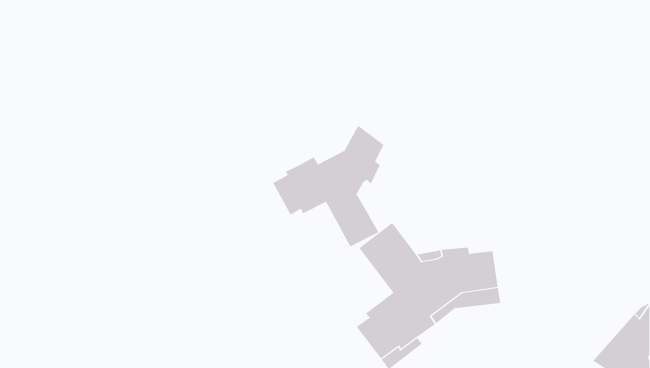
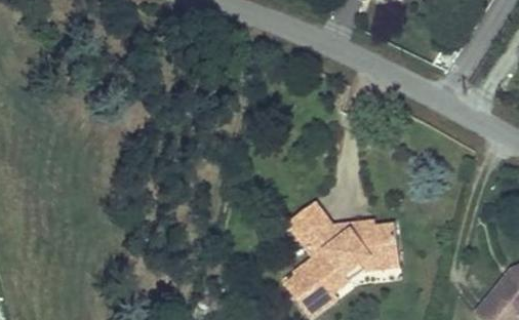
building: [272,125,384,247] -> none

